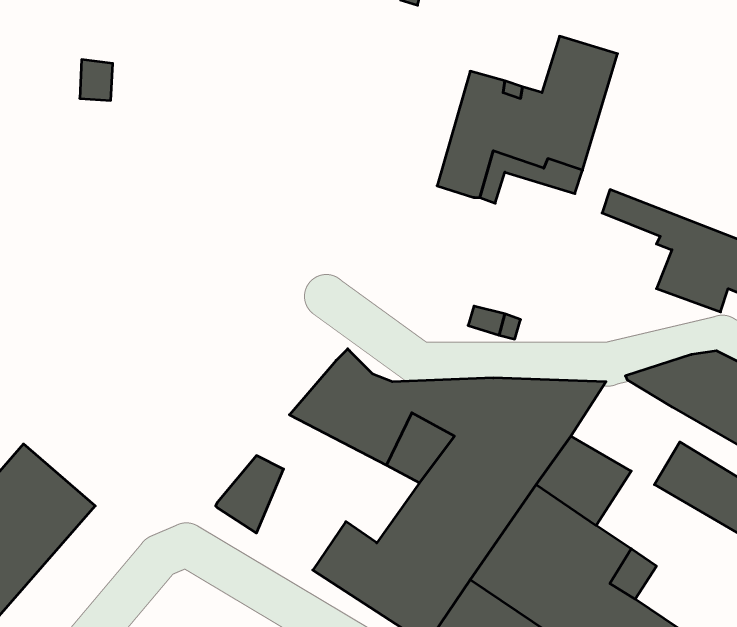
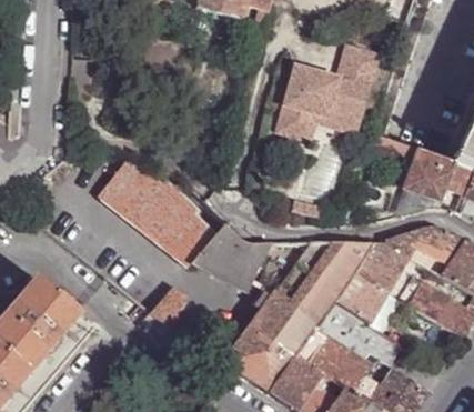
building: none -> [99,158,216,265]
building: none -> [351,241,409,293]

